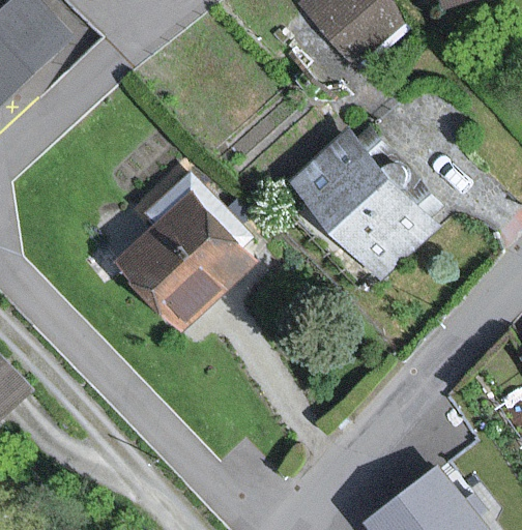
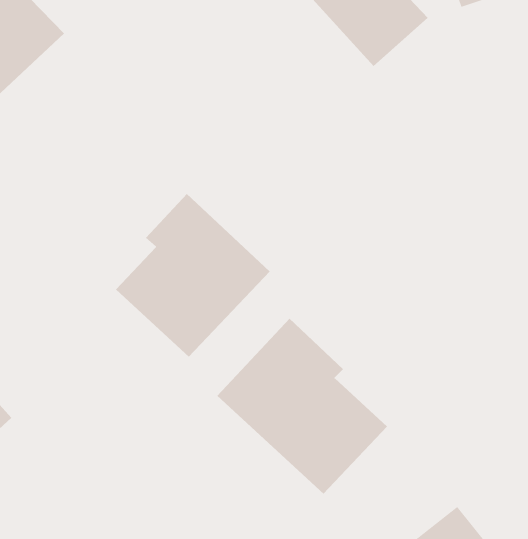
building: [292,134,425,270] -> none
building: none -> [216,318,388,495]

